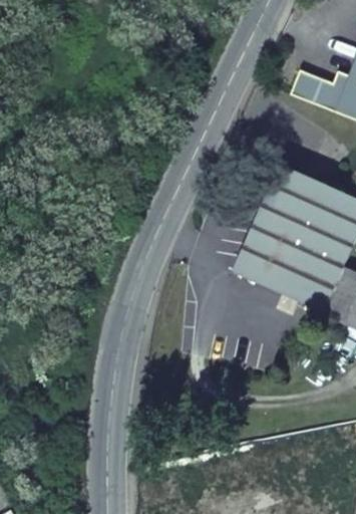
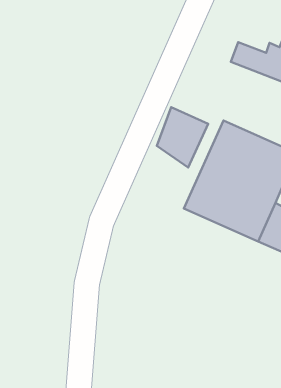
building: none -> [157,107,208,168]

